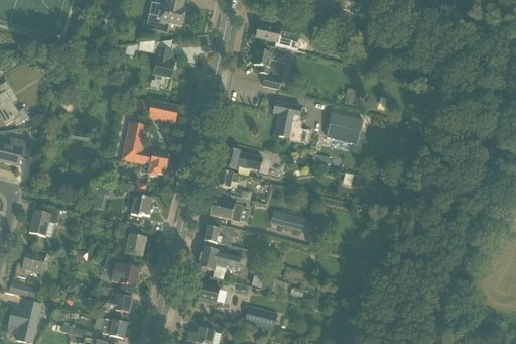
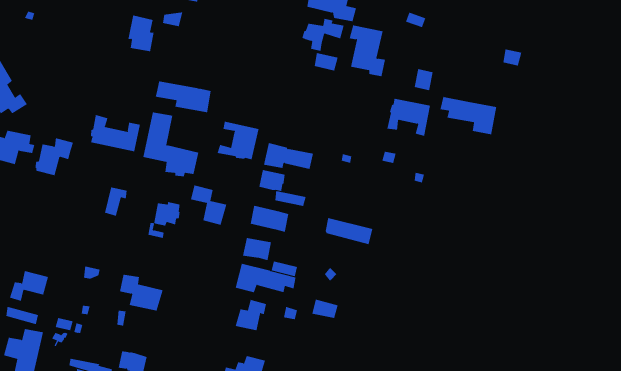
building: [152,46,174,77] -> [127,15,155,52]
building: [273,100,303,142] -> [349,25,386,77]
building: none -> [440,96,497,135]
building: none -> [91,114,141,152]
building: none -> [217,121,259,160]
building: [28,205,60,236] -> [34,138,74,176]
building: [116,222,146,255] -> [190,185,227,225]
building: [101,289,133,312] -> none
building: [244,305,277,328] -> none

